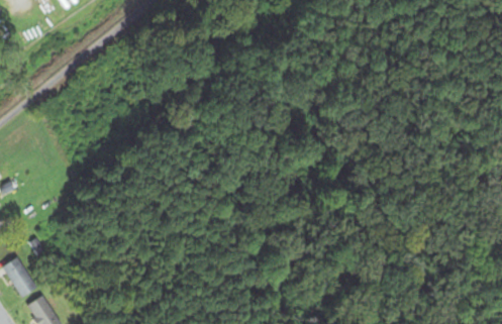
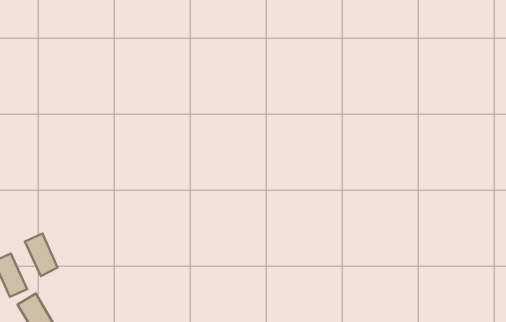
building: none -> [25,233,58,276]

